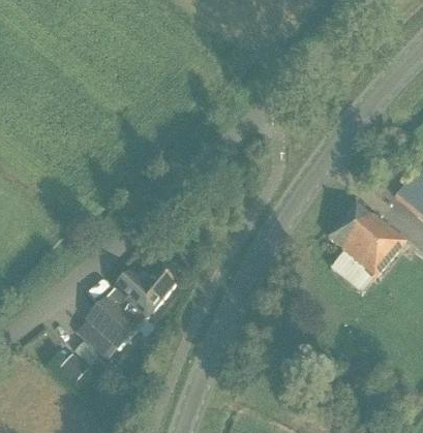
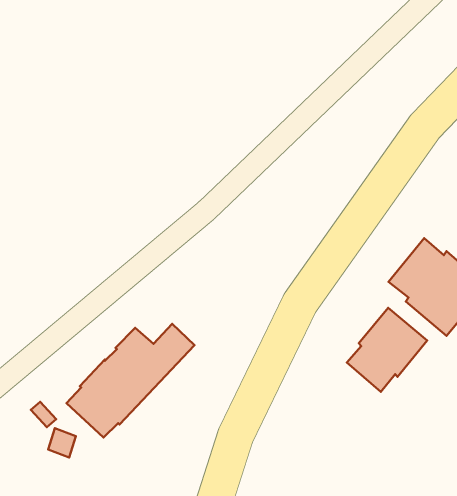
building: none -> [347,308,427,392]

